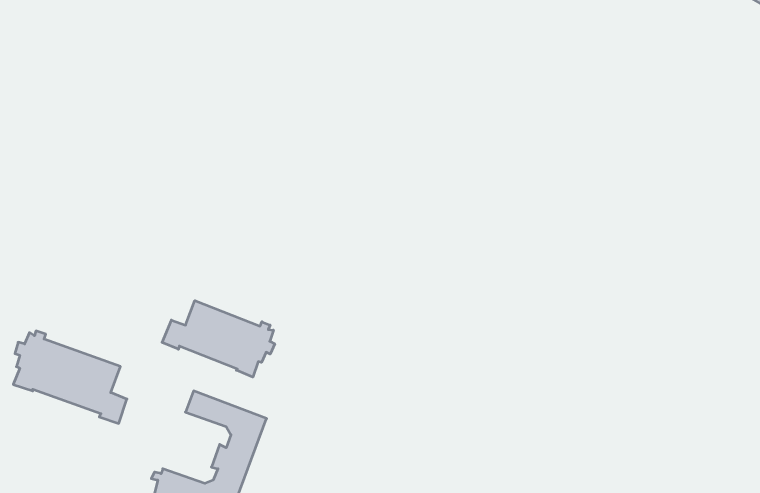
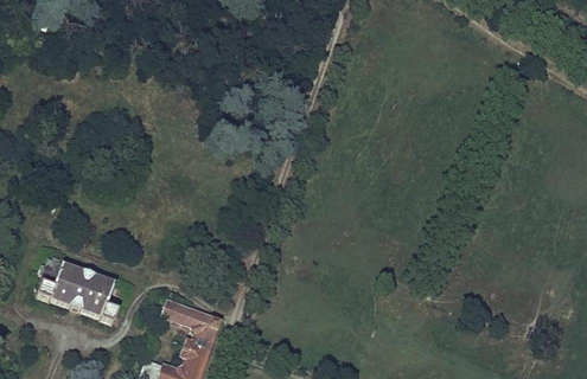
building: [162,301,275,377] -> none

